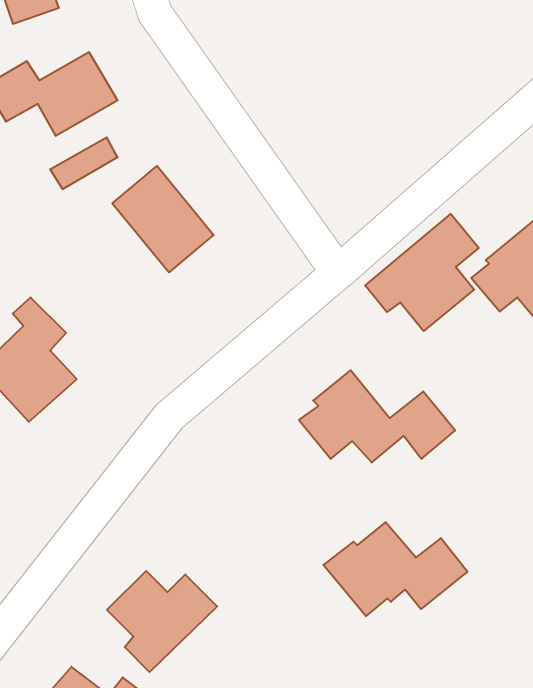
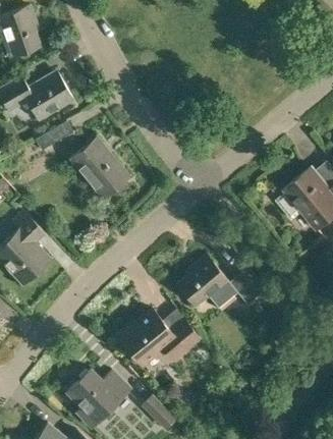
building: [365,214,479,331] -> none
building: [323,522,467,616] -> [117,310,200,364]
building: none -> [141,393,177,429]

